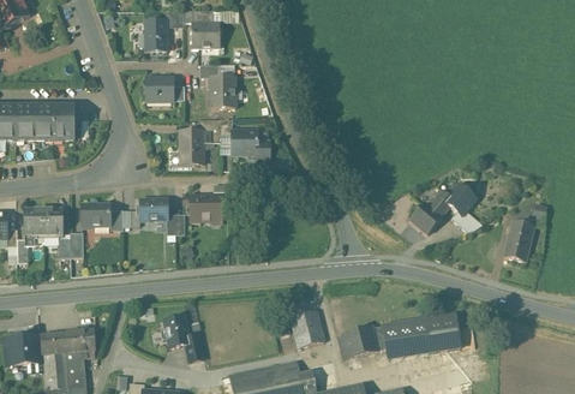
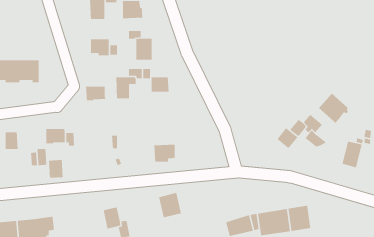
building: none -> [318,93,349,124]
building: [190,195,221,221] -> [154,144,176,163]
building: [139,199,169,221] -> [85,86,106,101]
building: [42,208,64,235] -> [48,159,63,179]
building: [291,310,324,347] -> [158,192,182,218]

